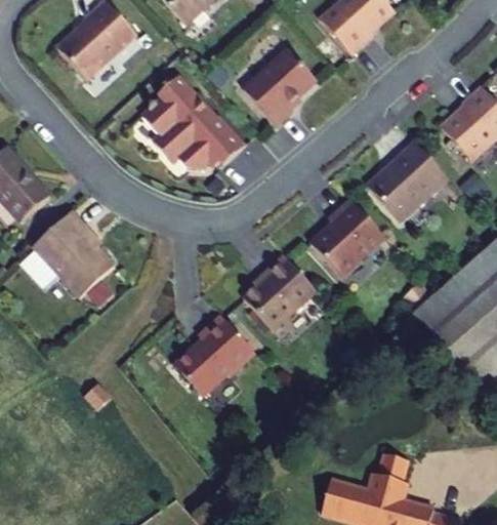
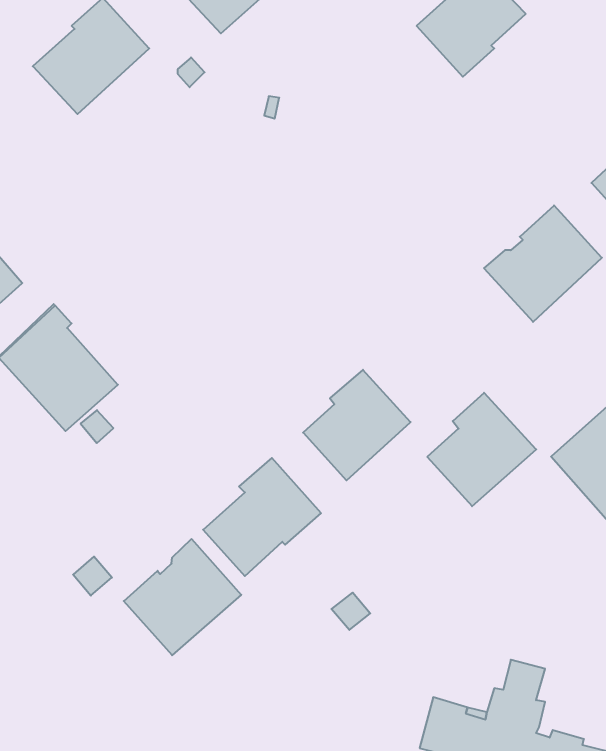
building: [243,47,317,125] -> none
building: [141,75,246,167] -> none
building: [309,198,384,276] -> [427,393,536,506]
building: none -> [124,539,241,655]

